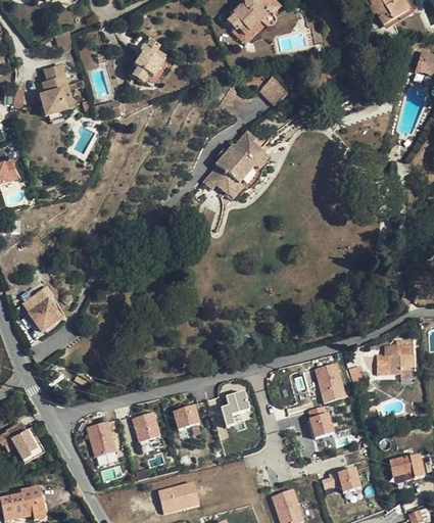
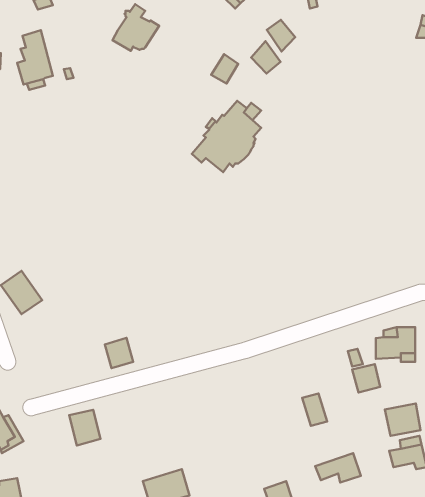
building: none -> [267,20,295,51]
building: [315,364,341,390] -> [352,364,380,392]
building: [221,391,249,425] -> none
building: [175,406,201,429] -> none
building: [134,413,160,441] -> [105,338,133,368]
building: none -> [385,403,420,436]

